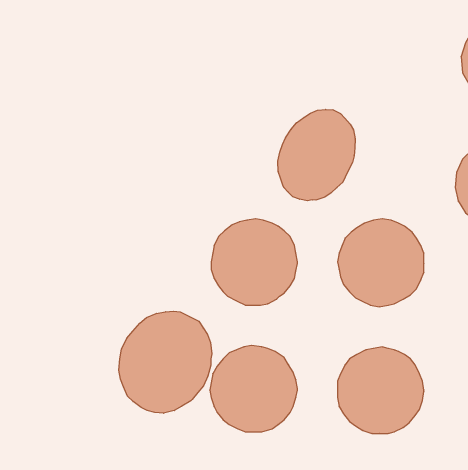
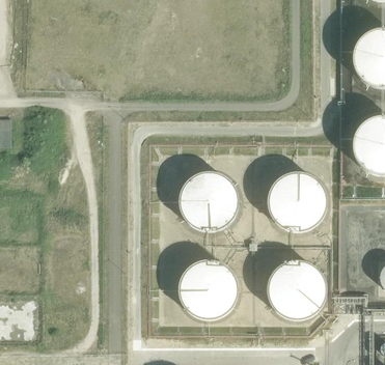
building: [278,109,355,201] -> none
building: [119,311,212,413] -> none

